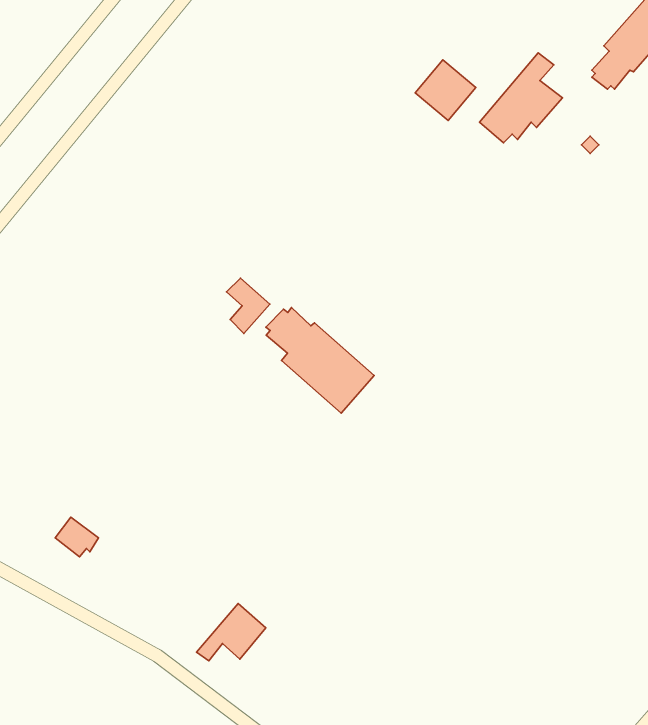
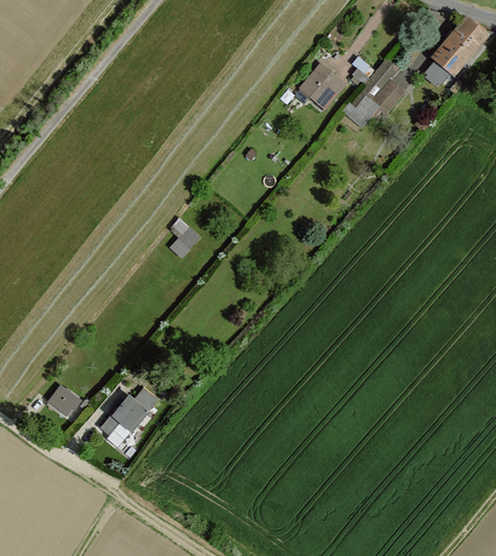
building: [266,307,374,413] -> none
building: [197,604,266,661] -> [102,396,150,436]

